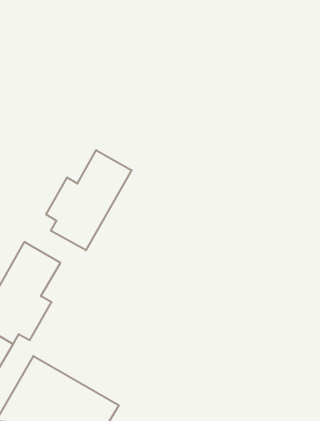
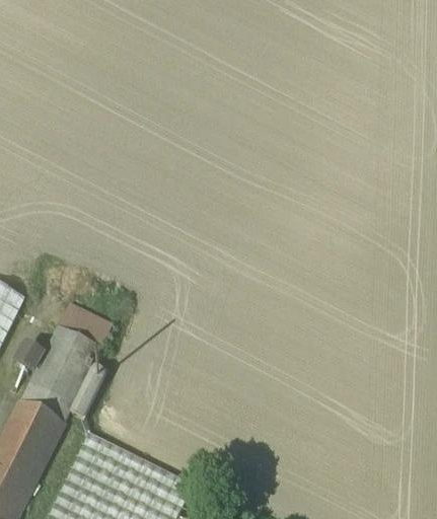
building: [46,150,132,250] -> none

